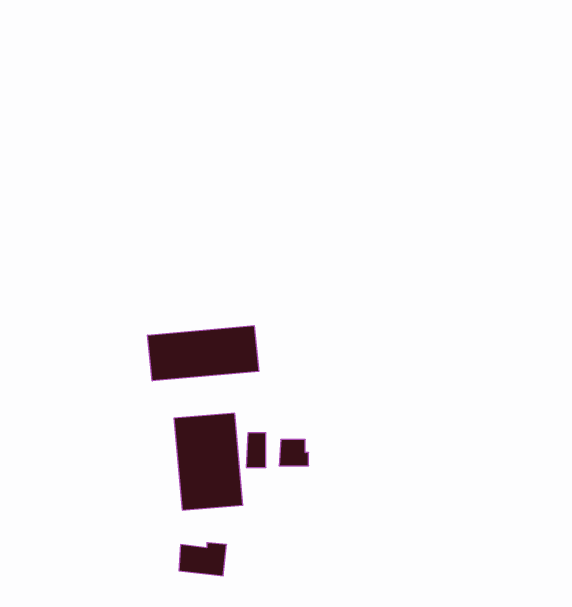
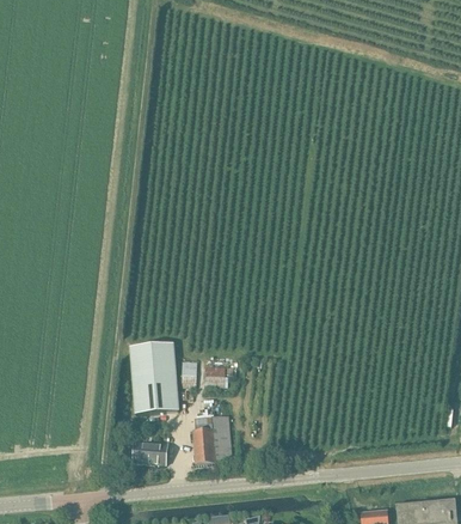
building: [148,326,259,381] -> none
building: none -> [193,414,232,462]

